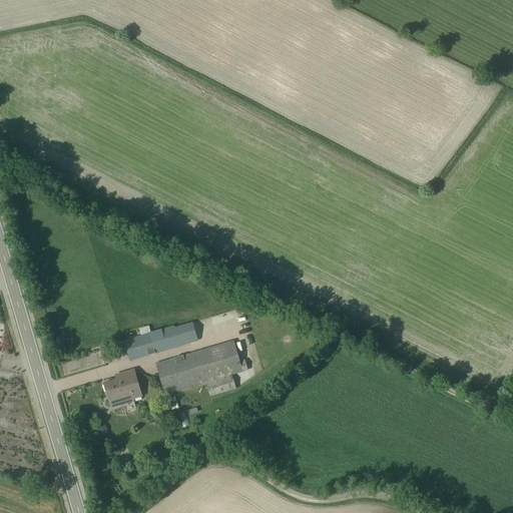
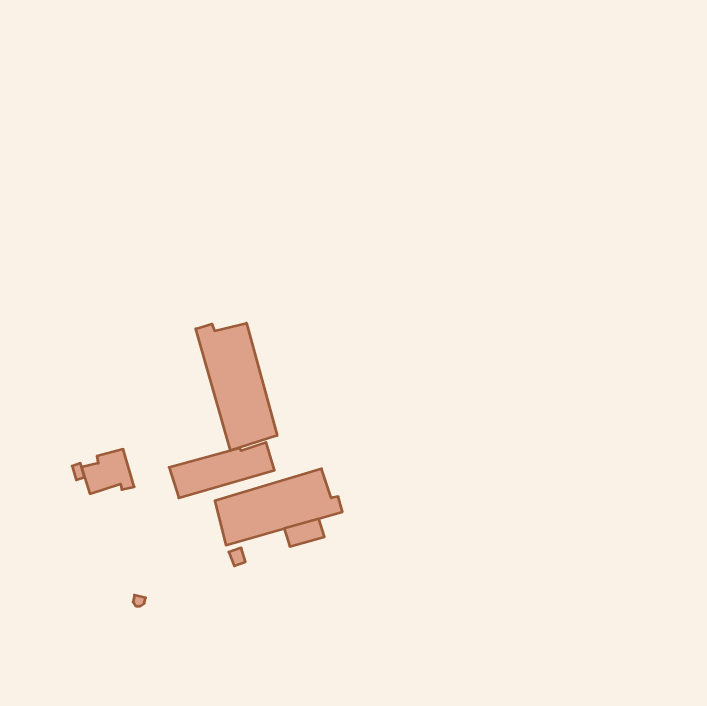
building: none -> [196,323,277,451]
building: [103,369,141,401] -> [82,449,134,494]

